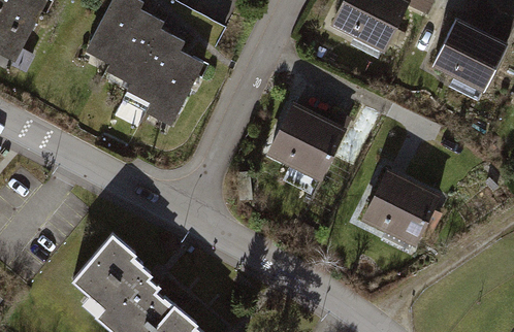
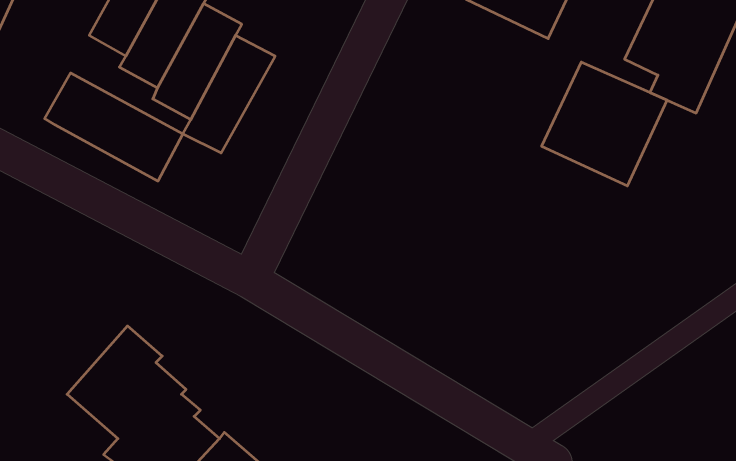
building: none -> [45,73,183,181]
building: [262,102,342,178] -> none
building: [356,167,438,247] -> [542,62,667,186]

